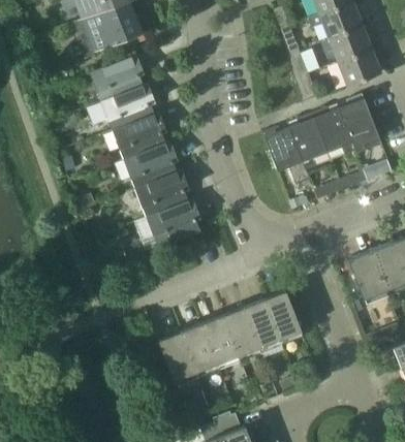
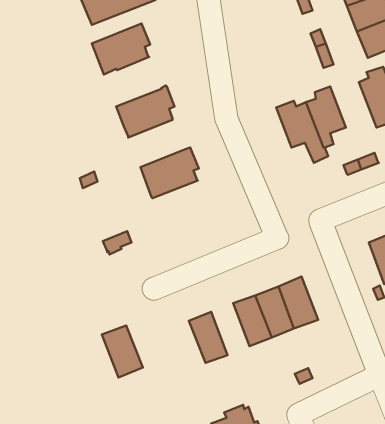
building: [100,84,155,132] -> none
building: [312,107,355,156] -> none
building: [123,141,178,189] -> none
building: [146,199,200,247] -> none
building: [200,316,237,365] -> none
building: [157,333,195,381] -> [102,326,143,377]

